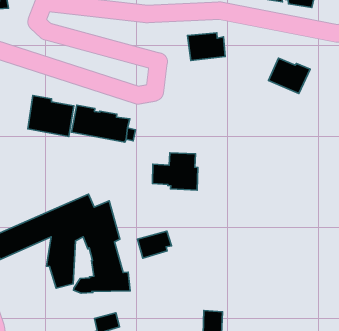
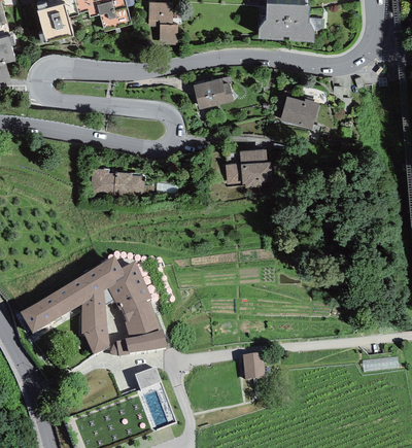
building: [28,96,74,136] -> none
building: [153,153,198,190] -> [225,148,272,186]
building: [138,231,172,258] -> none

